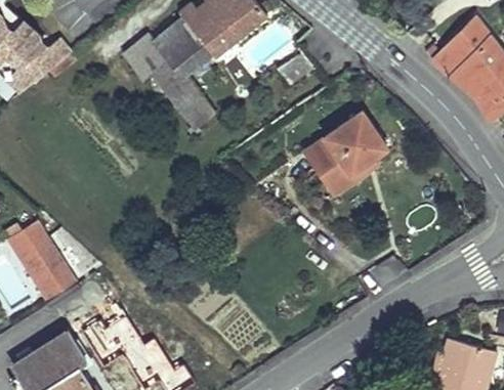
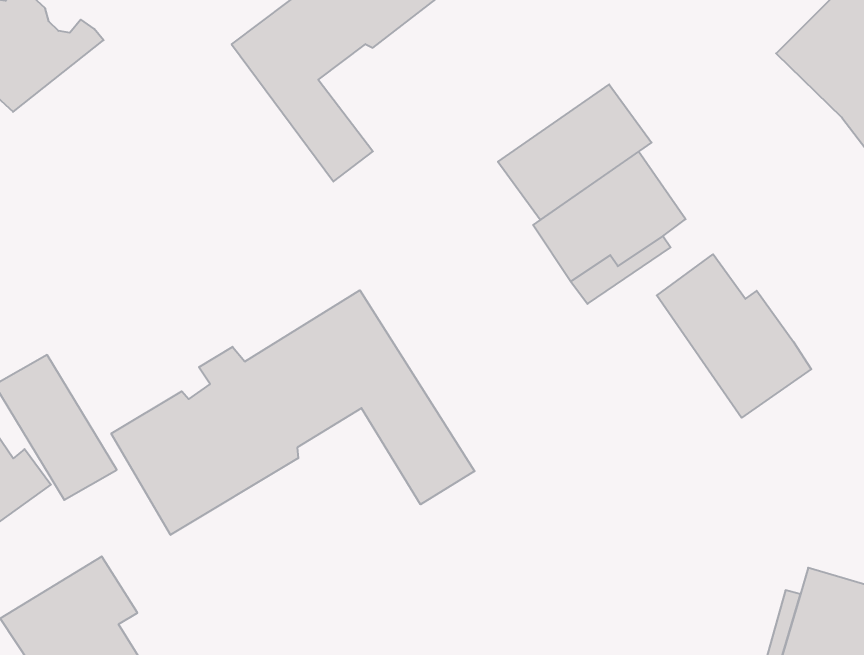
building: none -> [498,84,652,220]
building: none -> [657,254,811,418]
building: none -> [111,290,475,535]

